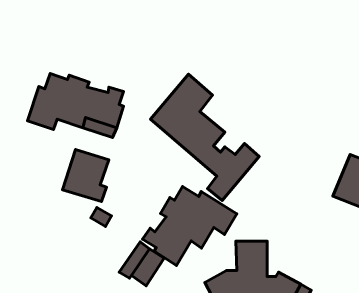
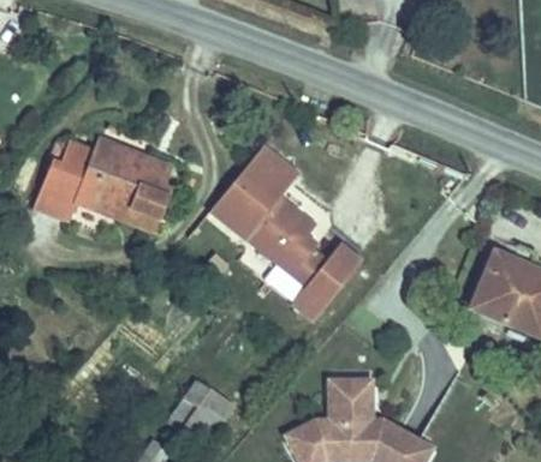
building: [63,150,109,201] -> none
building: [143,186,237,265] -> none

